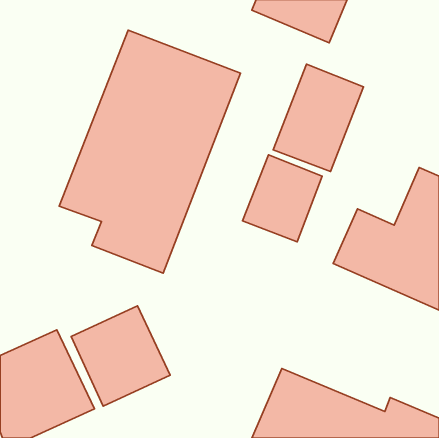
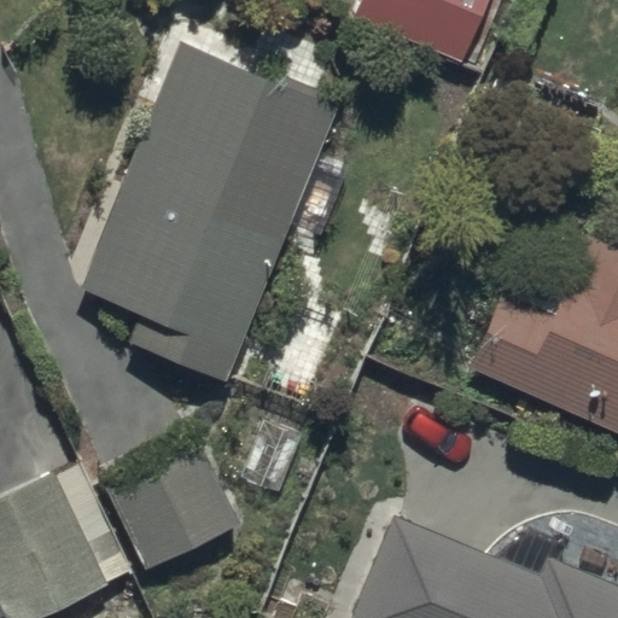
building: [273,64,363,171] -> none
building: [243,155,322,242] -> none

